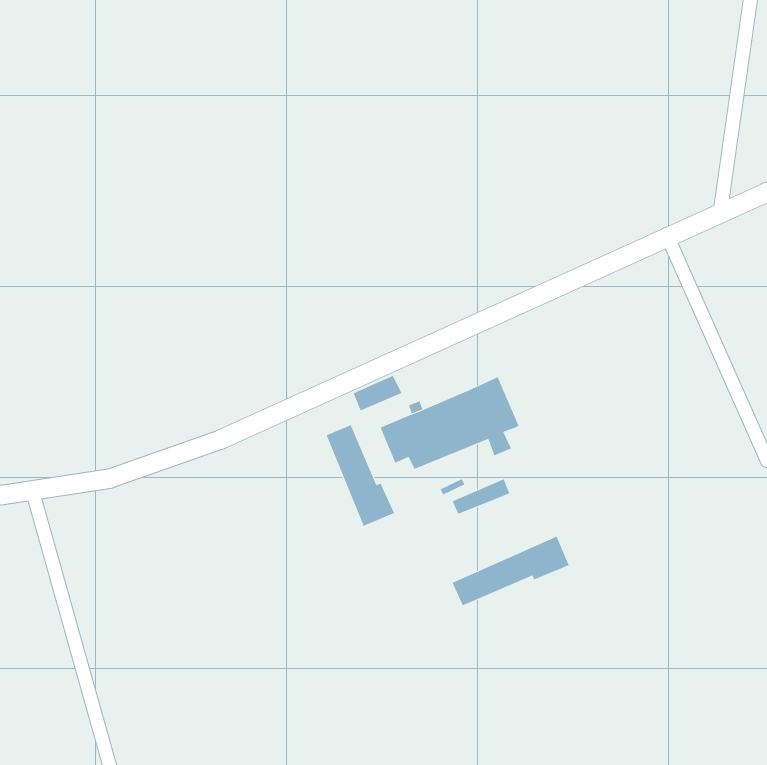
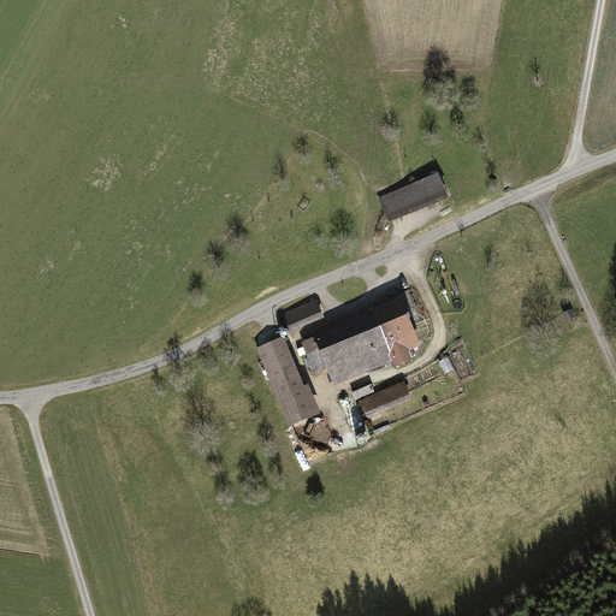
building: none -> [381,176,445,218]
building: [452,536,570,606] -> none

